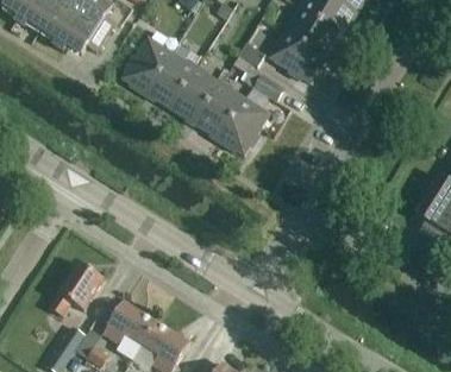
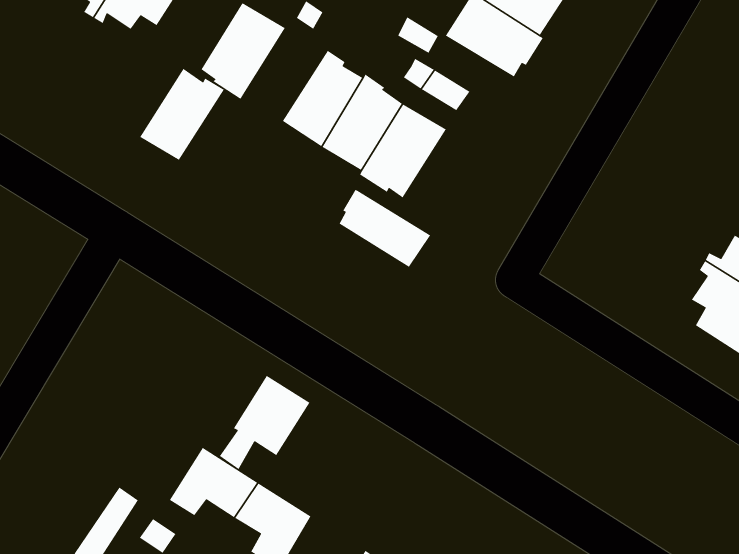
building: [146,51,198,107] -> [139,68,225,161]
building: none -> [339,189,431,268]
building: [49,263,104,320] -> [219,375,310,470]

